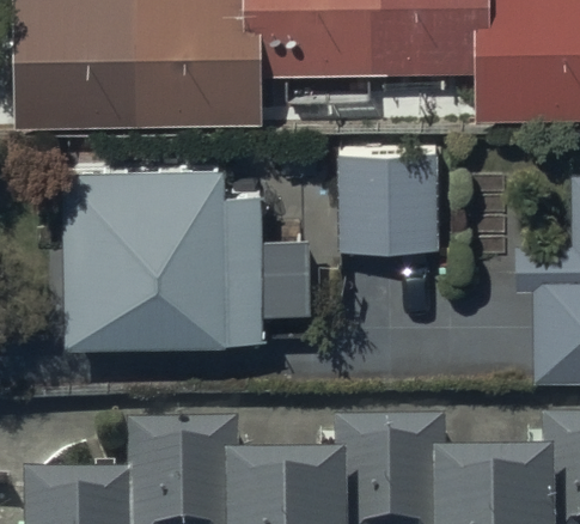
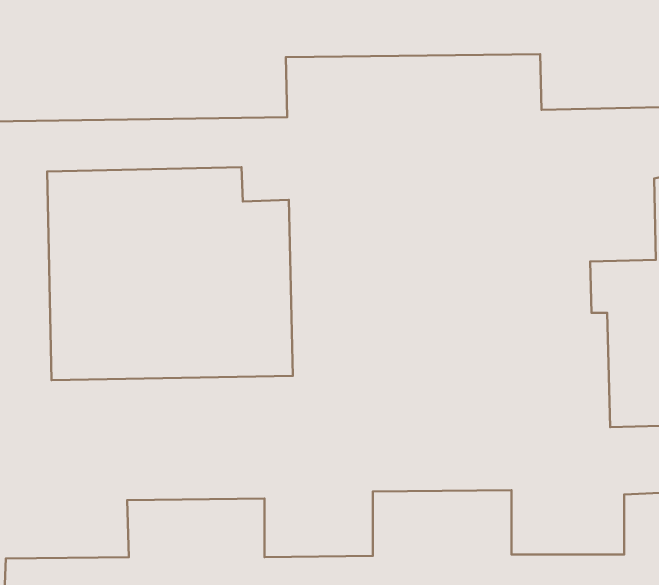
building: [341,153,440,251] -> none

